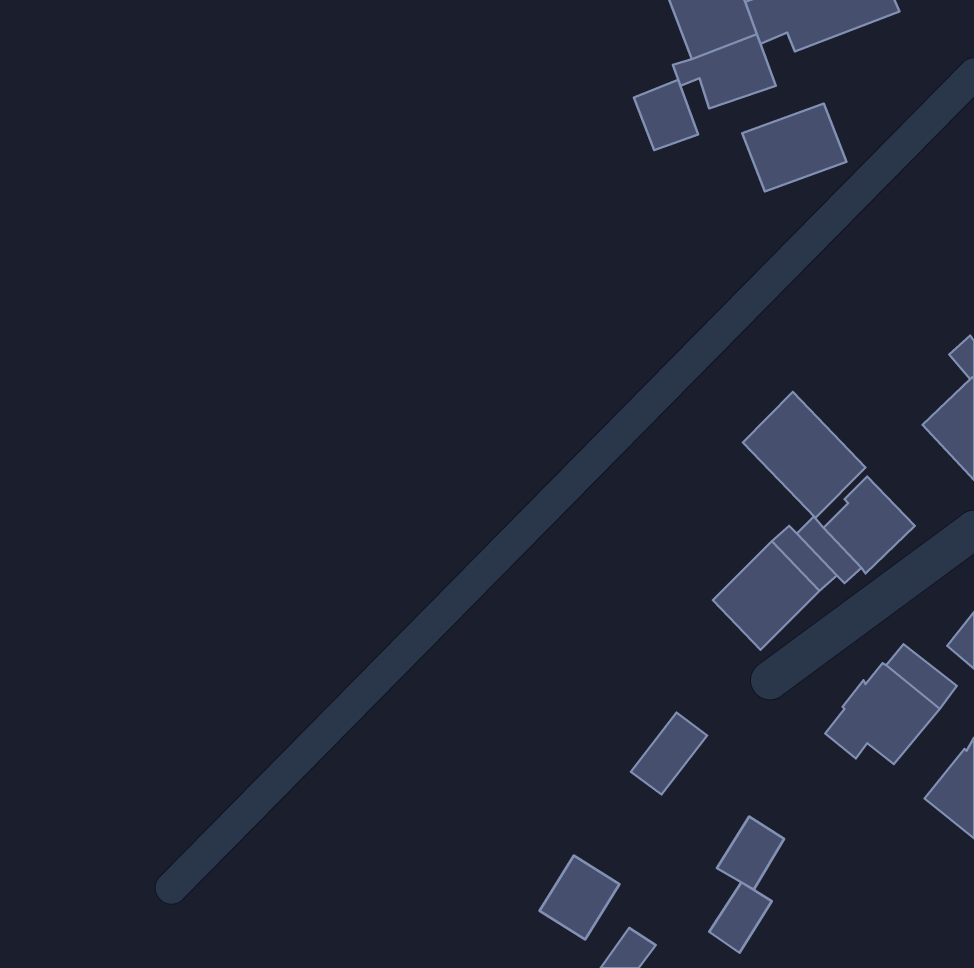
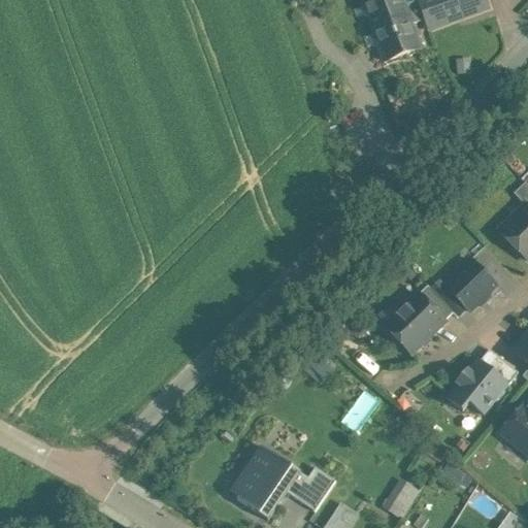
building: [634,80,698,150] -> none
building: [742,103,846,191] -> none
building: [743,392,866,518] -> none
building: [717,817,784,889] -> none
building: none -> [237,446,301,520]

